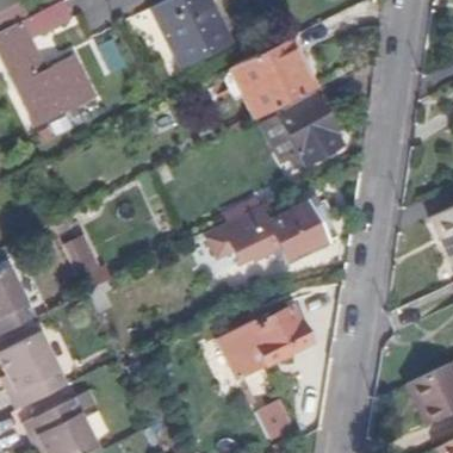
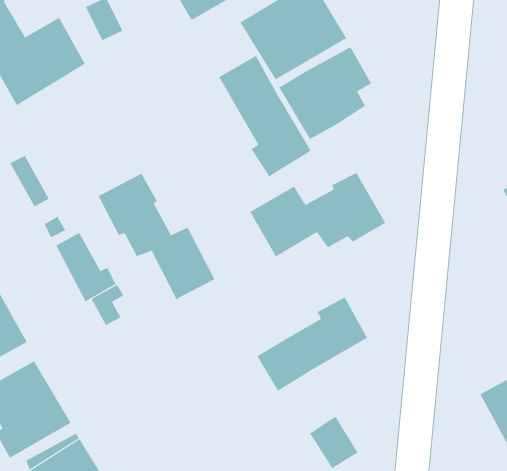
building: none -> [218,55,311,177]
building: none -> [98,173,215,300]

